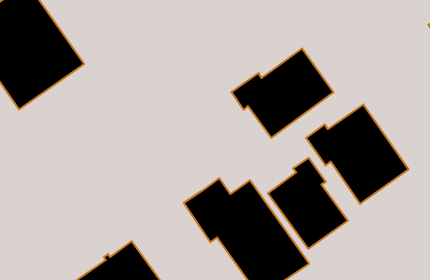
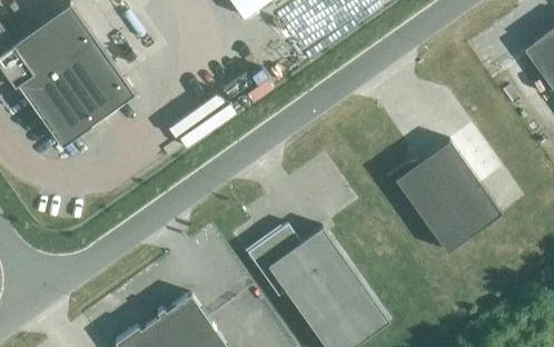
building: [231,48,334,138] -> none
building: [268,158,348,249] -> none

